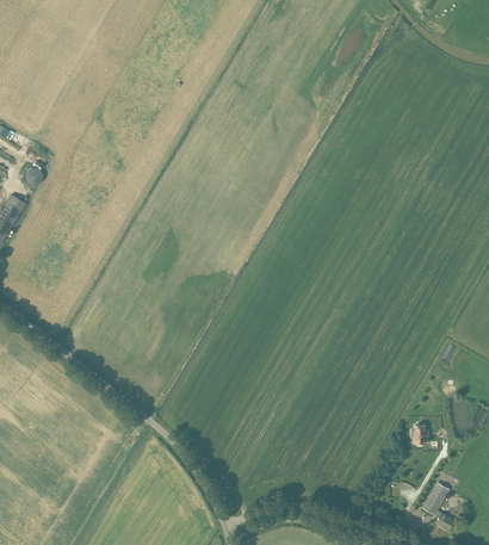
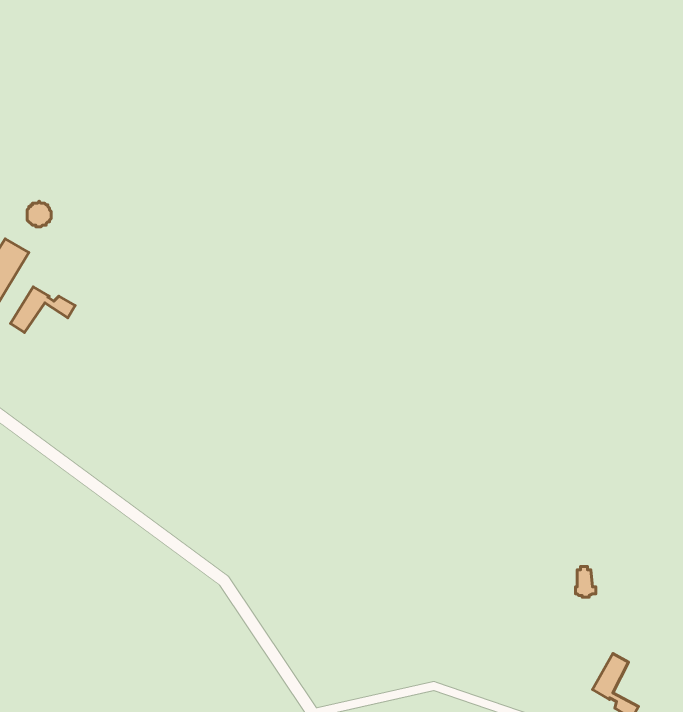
building: none -> [11,287,75,332]

